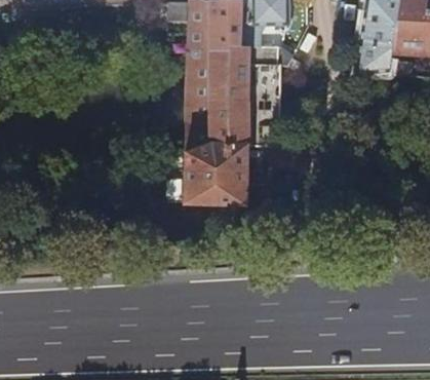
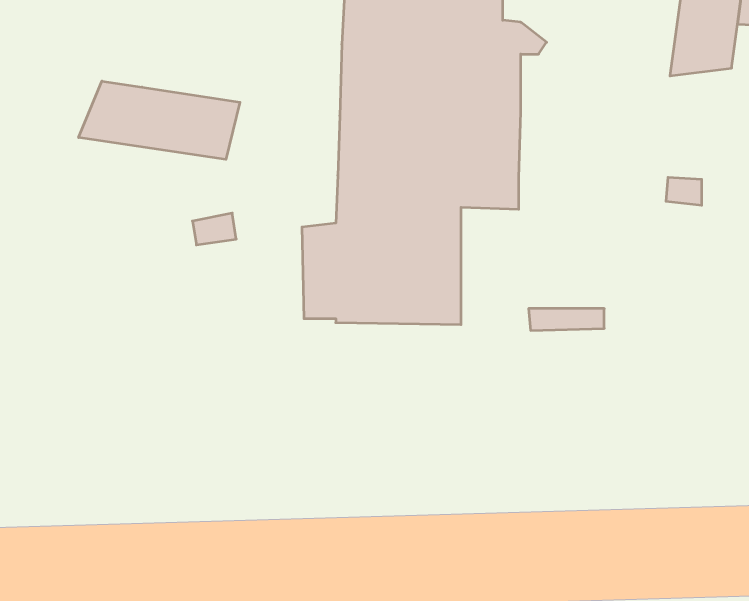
building: none -> [79,81,240,159]

